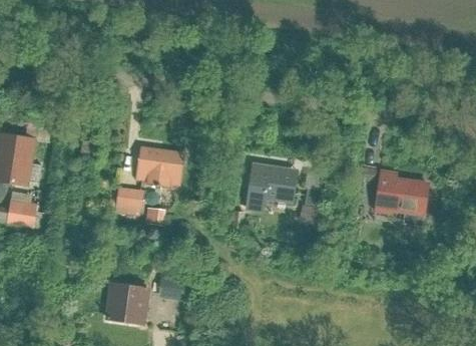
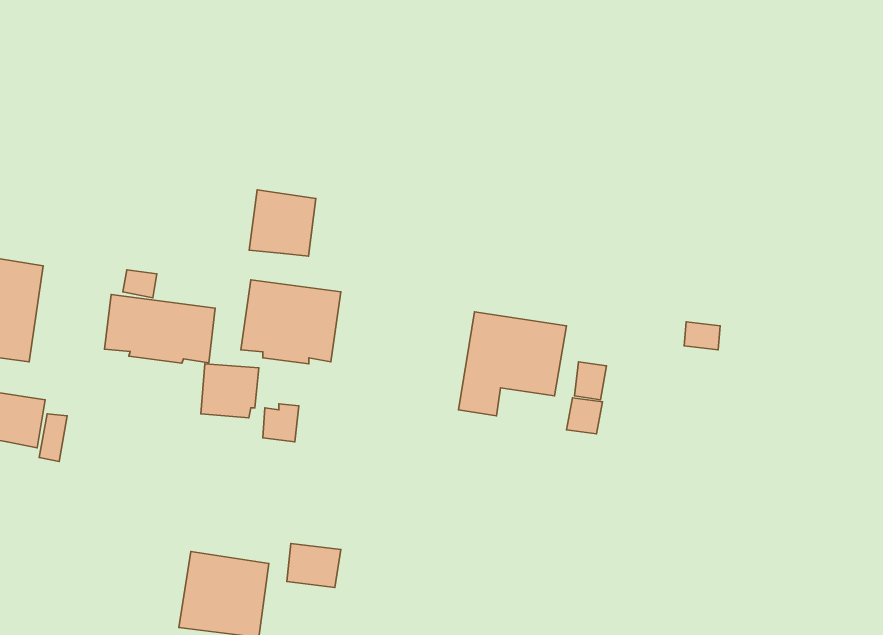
building: none -> [249,190,316,256]
building: none -> [105,294,215,363]
building: [375,168,429,215] -> none

